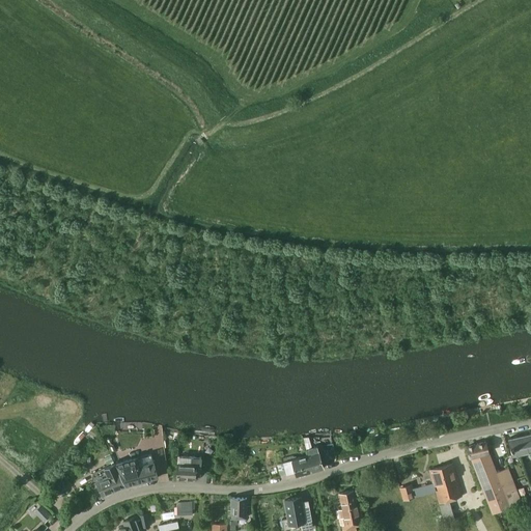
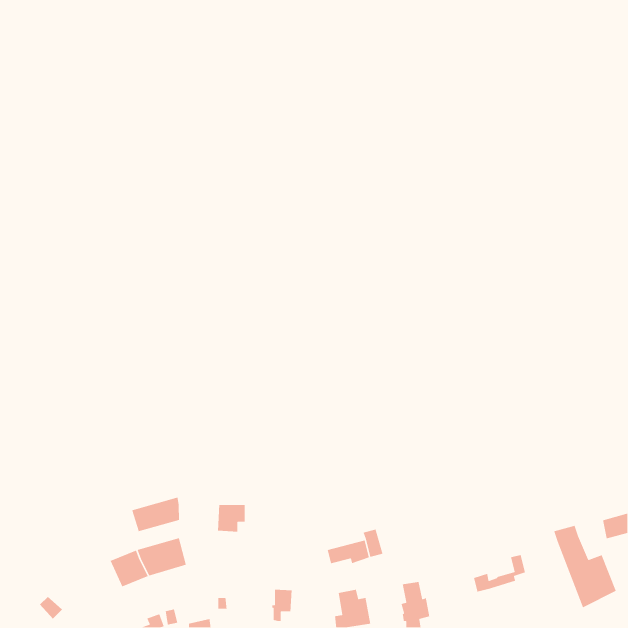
building: none -> [131,496,180,532]
building: [177,457,201,481] -> [217,504,245,532]
building: [435,464,462,524] -> none

